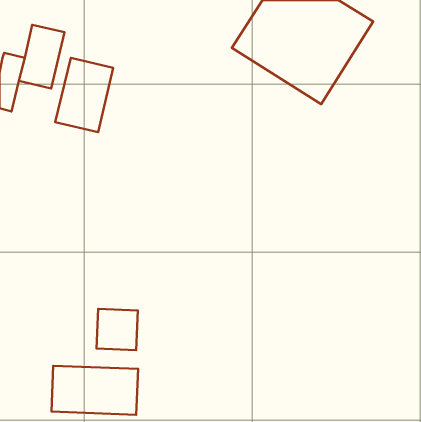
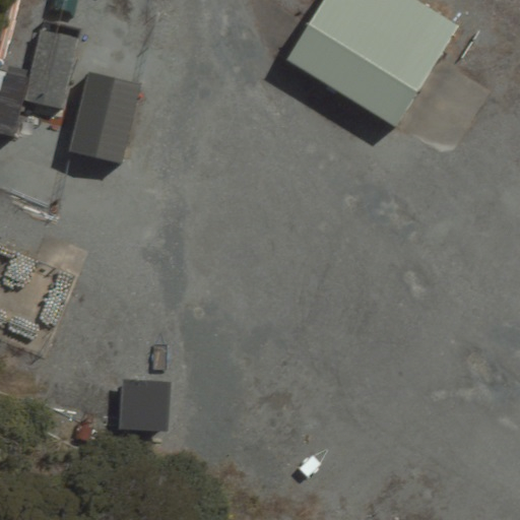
building: [52,366,138,415] -> none

